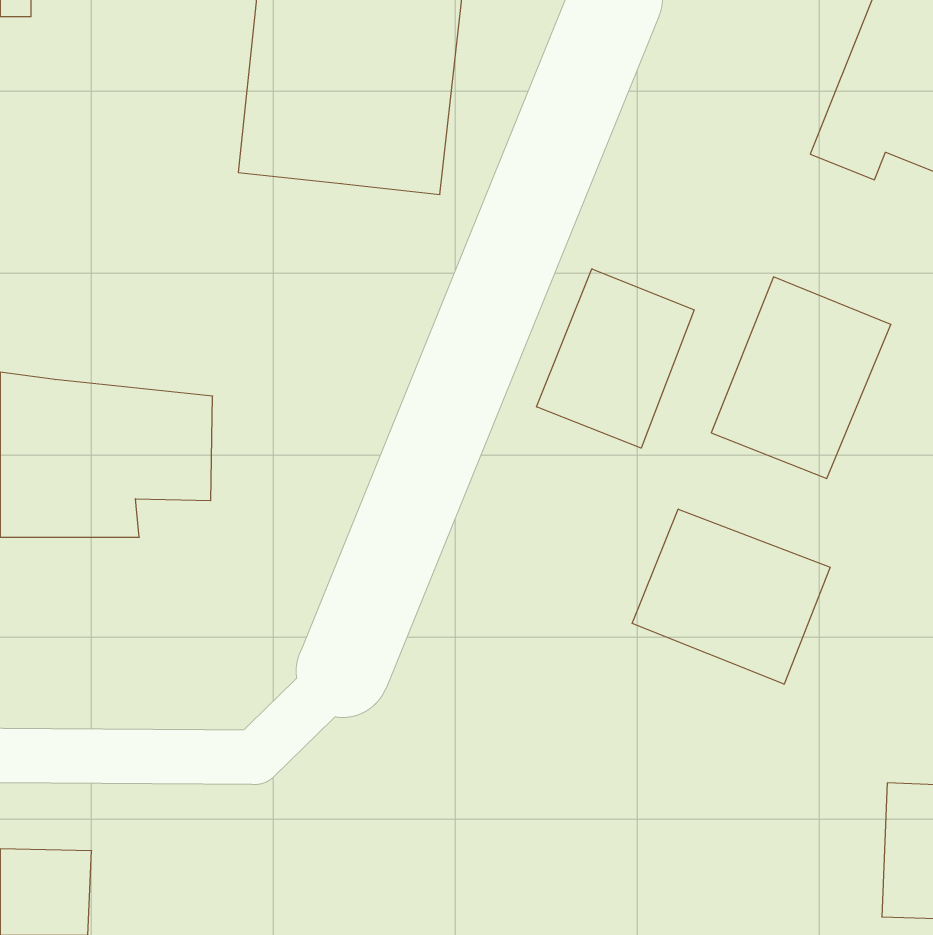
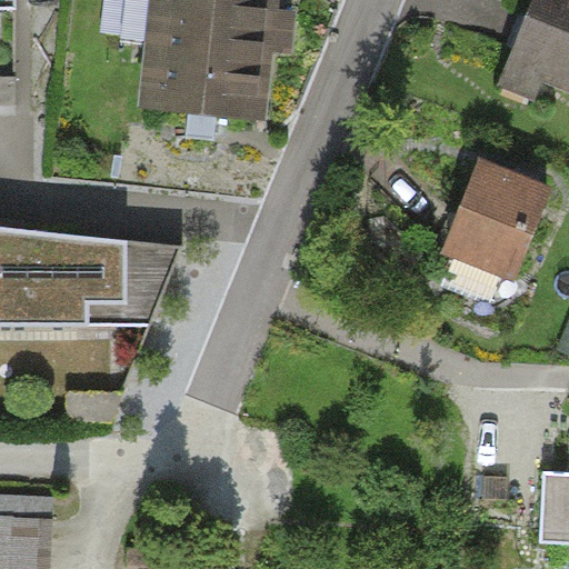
building: [537,269,694,448] -> none
building: [632,509,830,684] -> none

